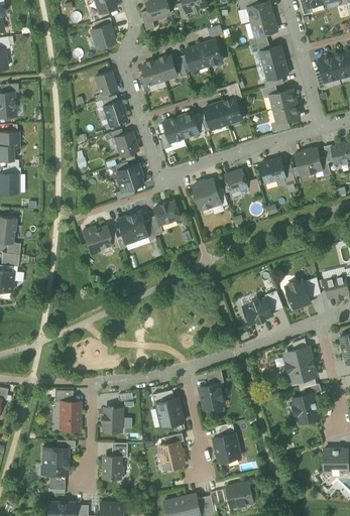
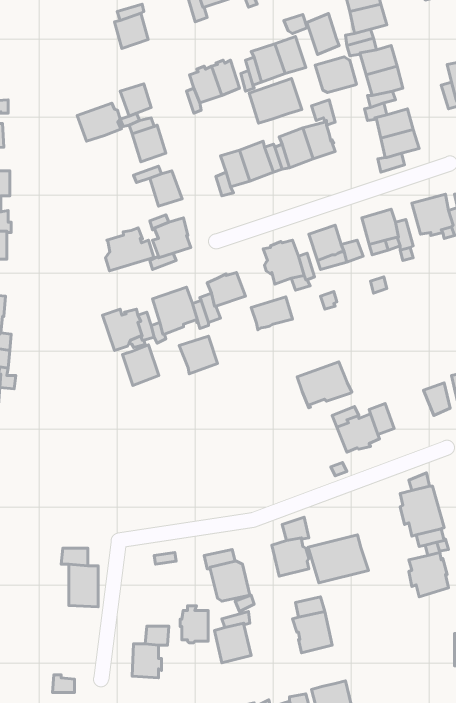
building: none -> [307,13,339,55]
building: none -> [315,57,357,92]
building: none -> [249,78,302,123]
building: none -> [77,103,121,141]
building: none -> [105,228,154,271]
building: none -> [251,297,293,330]
building: none -> [179,336,217,374]
building: none -> [123,345,159,385]
building: none -> [297,362,352,408]
building: [285,280,311,309] -> none
building: none -> [308,535,368,583]
building: [103,407,122,432] -> [180,606,208,643]
building: [42,447,68,474] -> none

